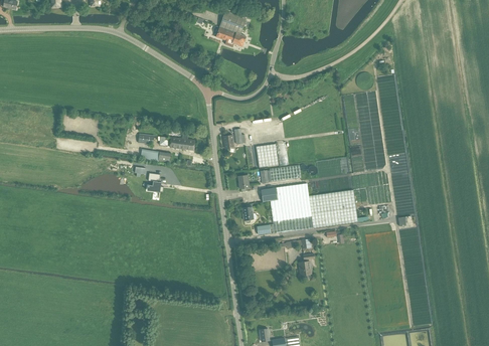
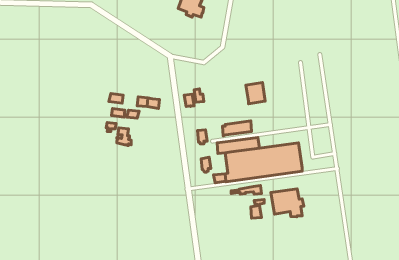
building: [255,143,277,167] -> [246,82,265,104]
building: none -> [271,189,304,217]

